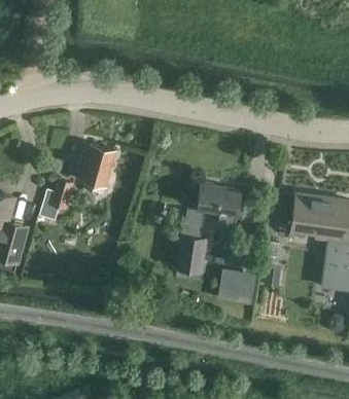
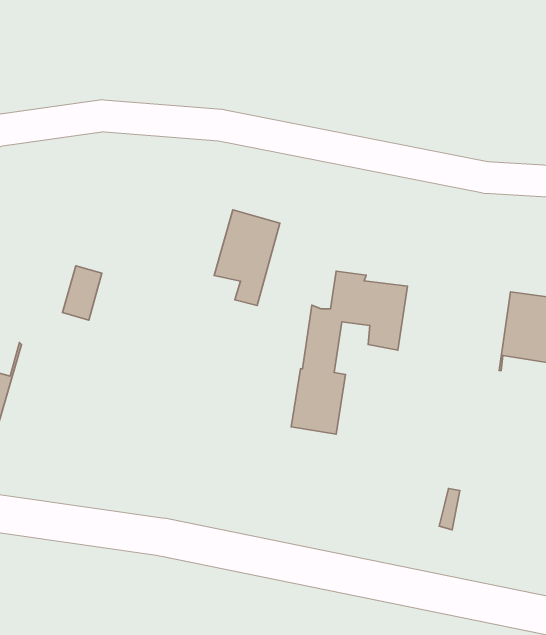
building: [80,143,116,195] -> [214,210,280,305]
building: [217,270,257,307] -> none

